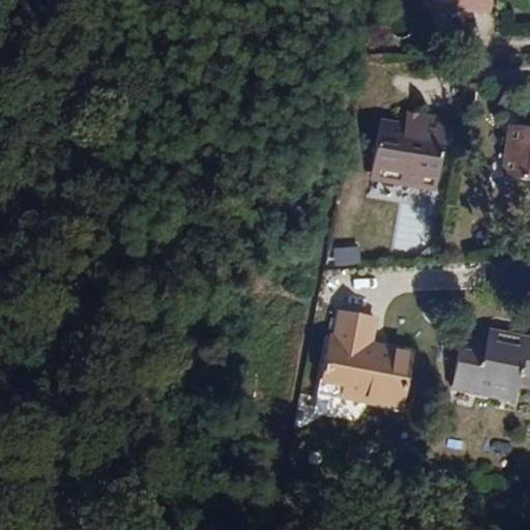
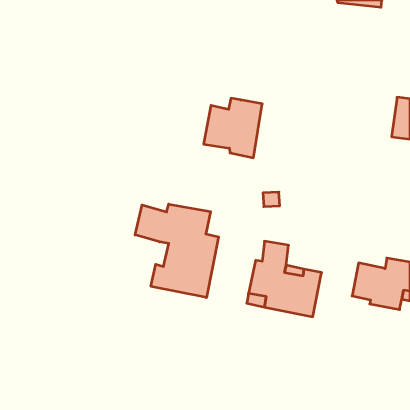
building: [372,113,447,189] -> [204,98,262,158]
building: none -> [135,204,219,298]

